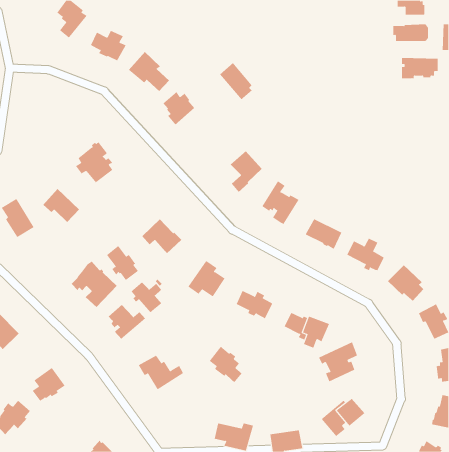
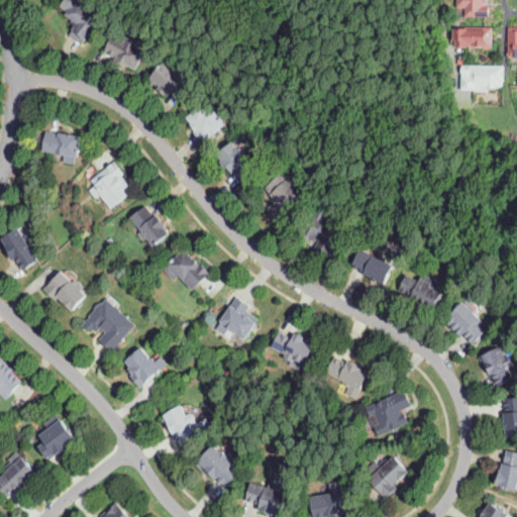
building: [219,62,253,100] -> [216,140,254,184]
building: none -> [40,131,79,157]
building: [43,188,80,223] -> [42,271,85,310]
building: [106,245,139,281] -> [129,206,167,246]
building: [130,281,162,313] -> none
building: [209,346,242,383] -> [196,443,234,486]

